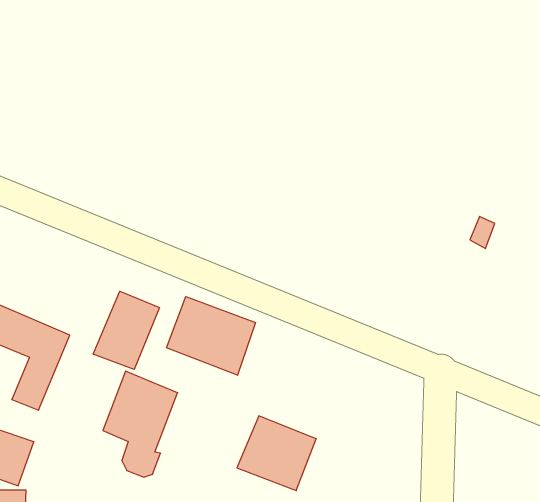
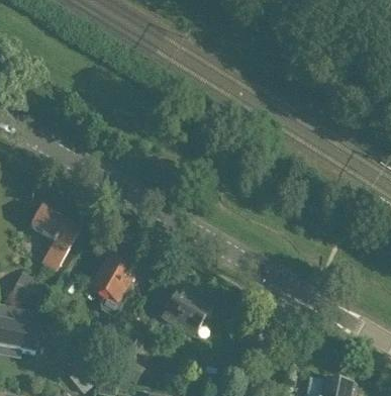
building: [93,291,159,369] -> none
building: [166,297,256,375] -> none

